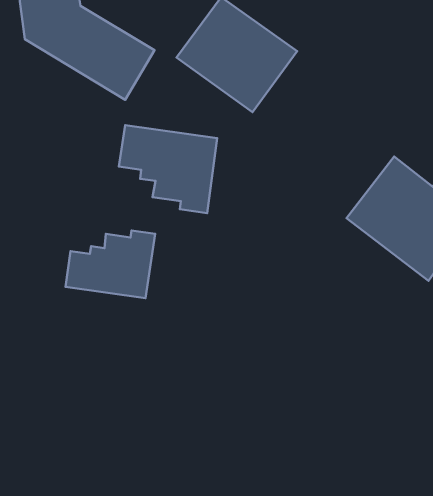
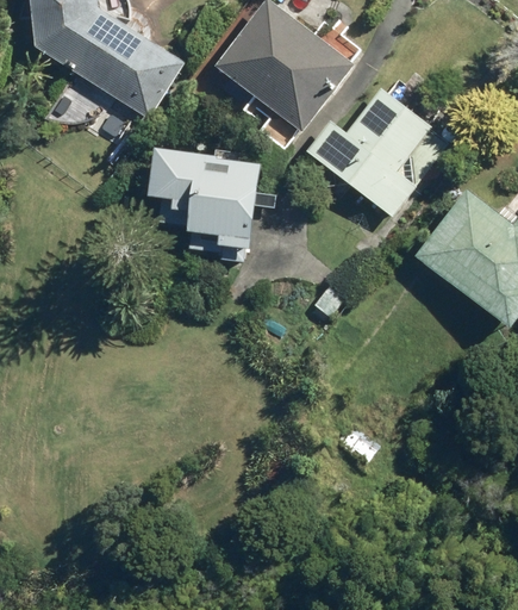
building: none -> [305,85,453,217]
building: [66,231,155,298] -> none

